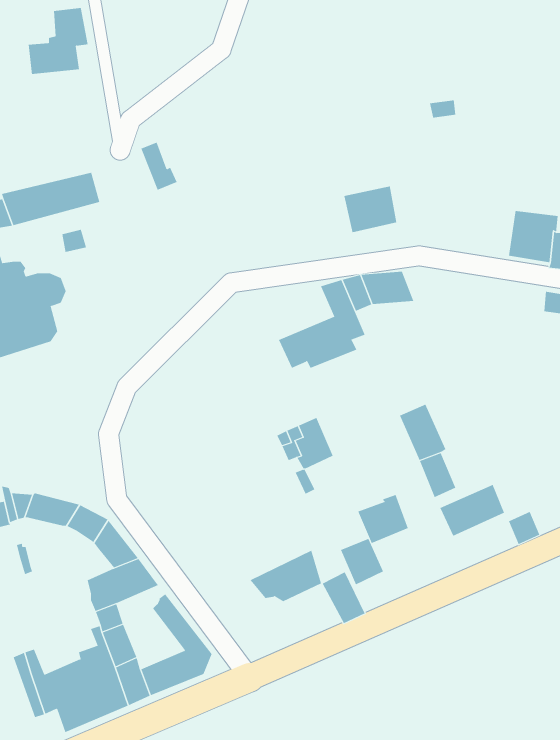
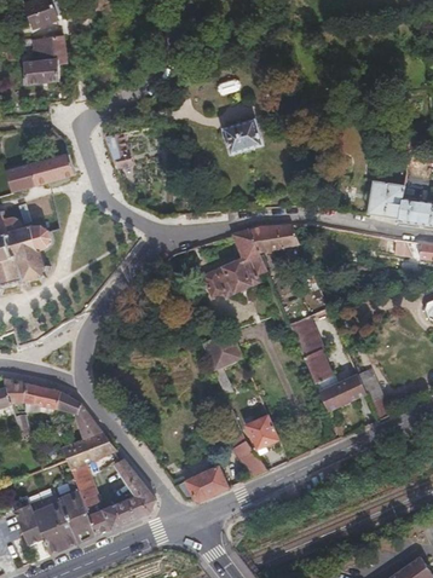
building: [343,186,397,233] -> [229,114,267,148]
building: [358,494,409,544] -> none
building: [250,550,322,602] -> [174,464,226,502]

